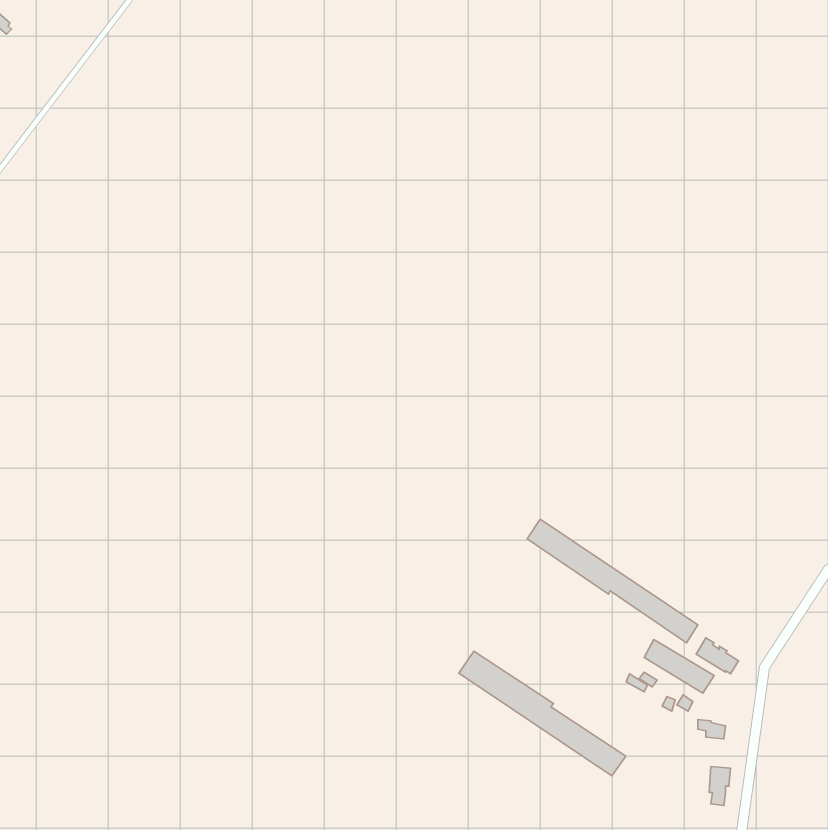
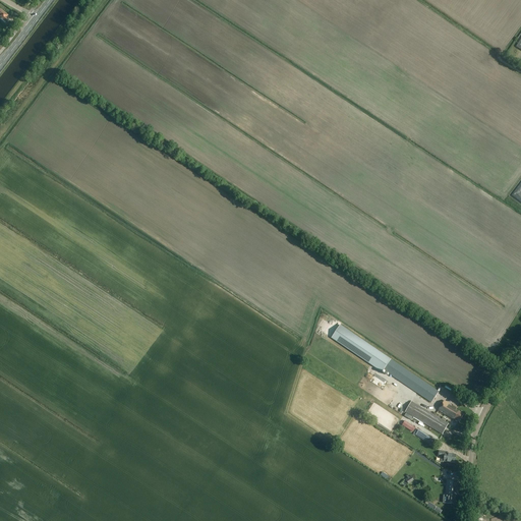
building: [459,651,626,776] -> none

